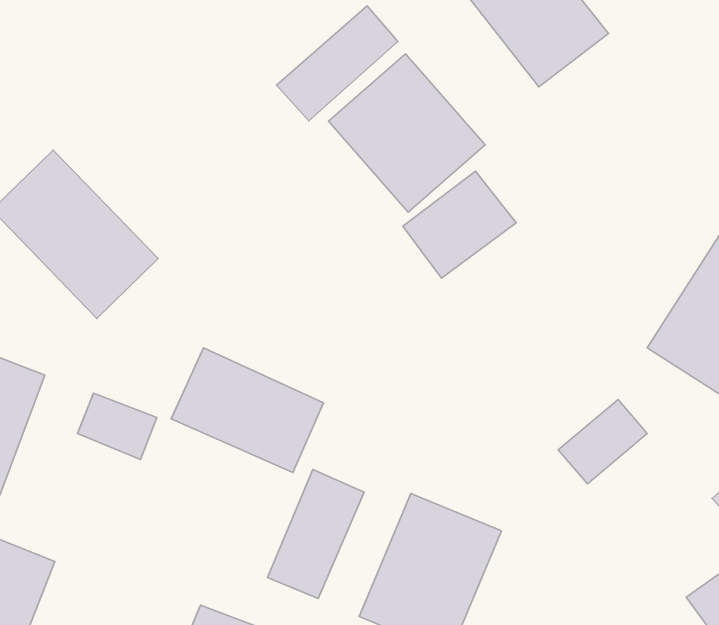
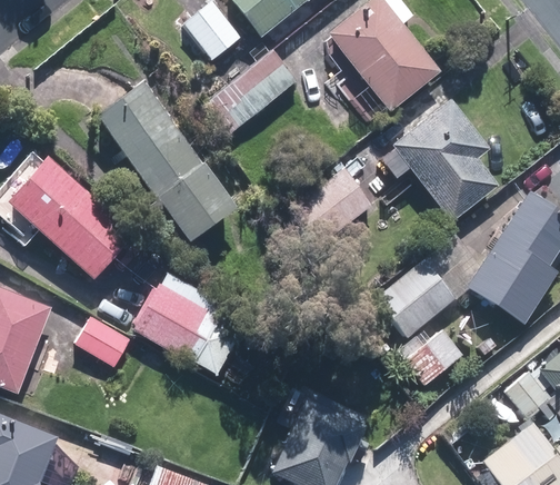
building: none -> [93,83,234,242]
building: [329,54,485,212] -> none
building: none -> [389,97,501,225]
building: none -> [378,259,458,337]
building: [267,470,364,598] -> none

